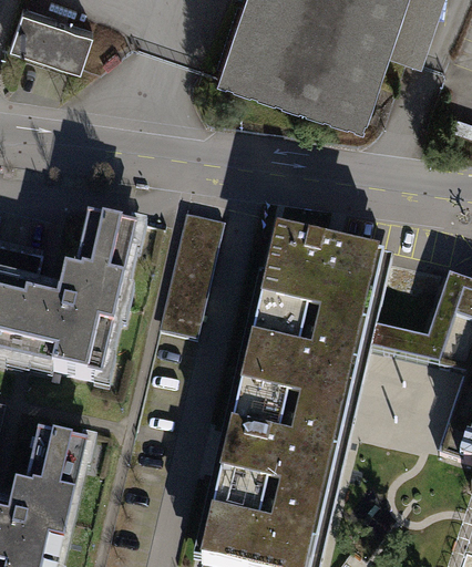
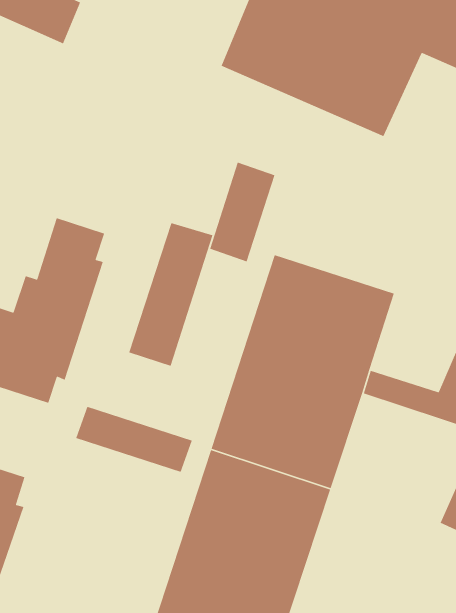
building: none -> [209,162,275,262]
building: none -> [75,406,193,473]

